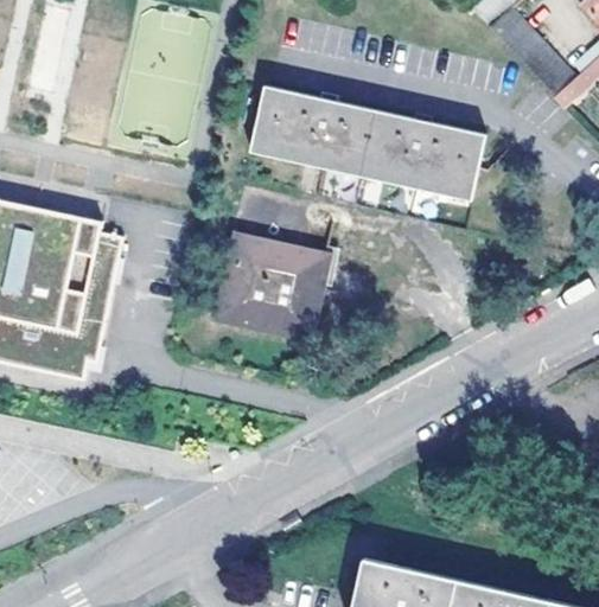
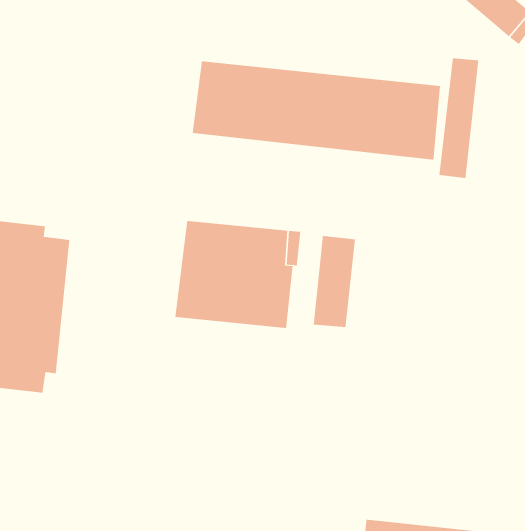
building: none -> [439,58,479,179]
building: none -> [313,235,356,328]

